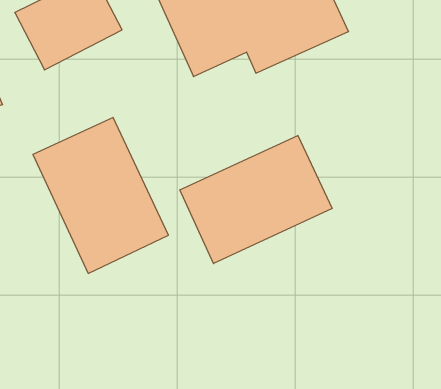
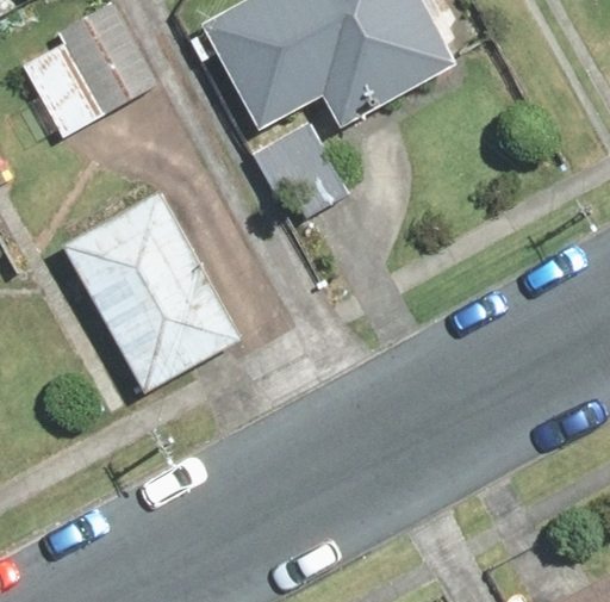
building: [180,135,332,264] -> none

